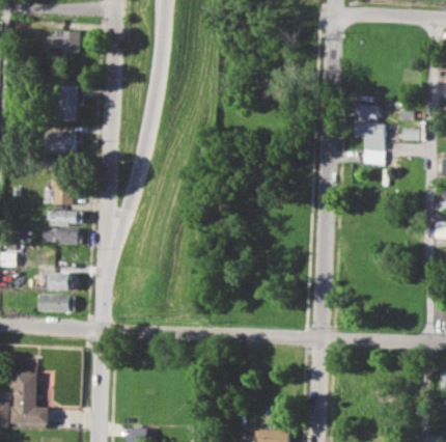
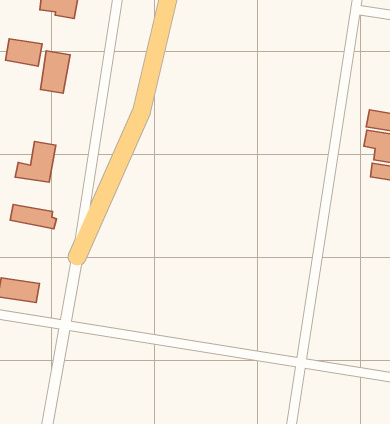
building: [45,132,76,154] -> [6,39,42,66]
building: [47,210,82,226] -> none
building: [43,272,76,291] -> none

